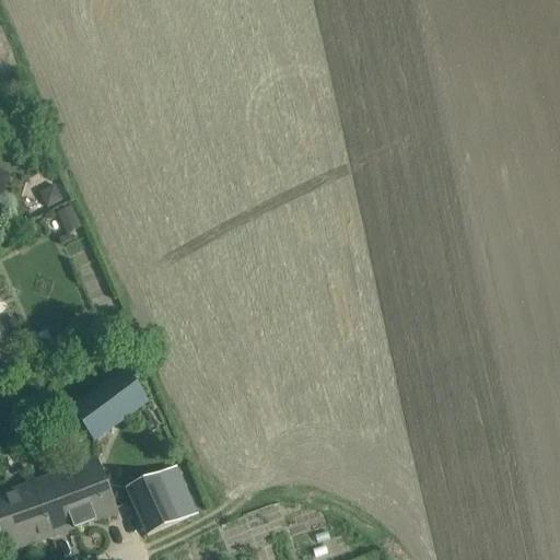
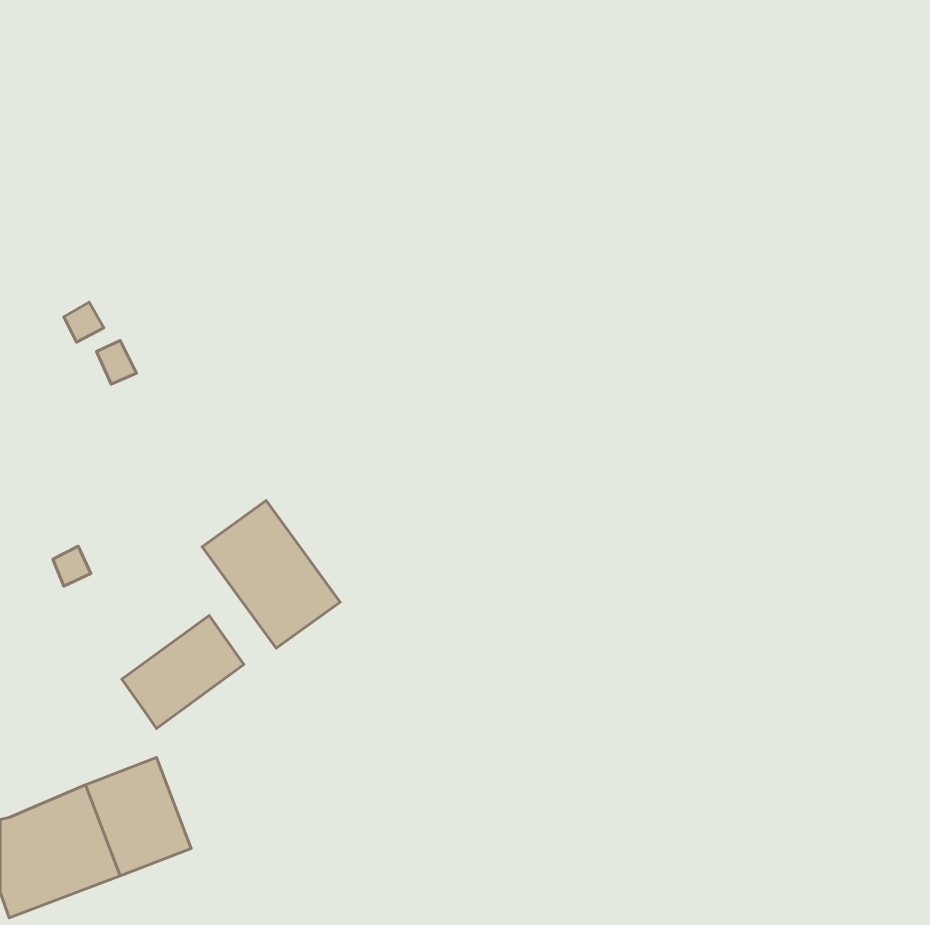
building: none -> [202,501,340,648]
building: [126,464,196,530] -> none

